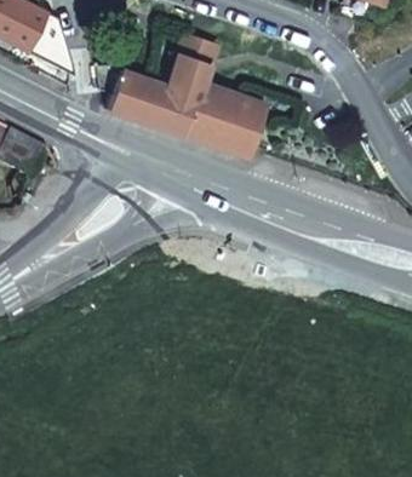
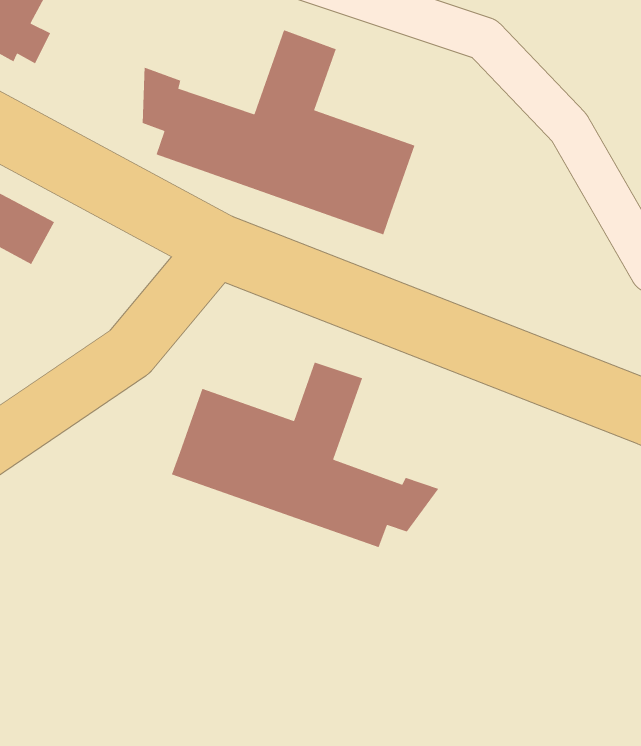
building: none -> [171,361,440,548]

